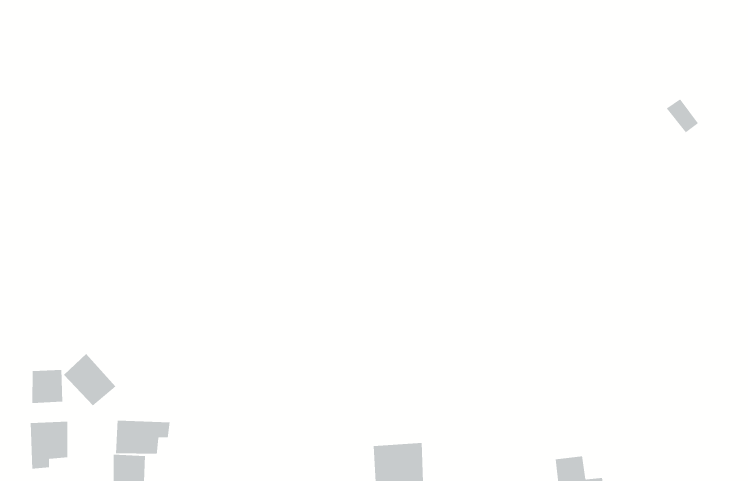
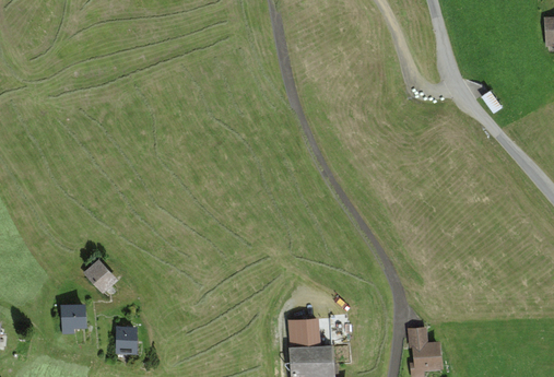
building: [32,369,63,404] -> none
building: [116,420,170,454] -> none

